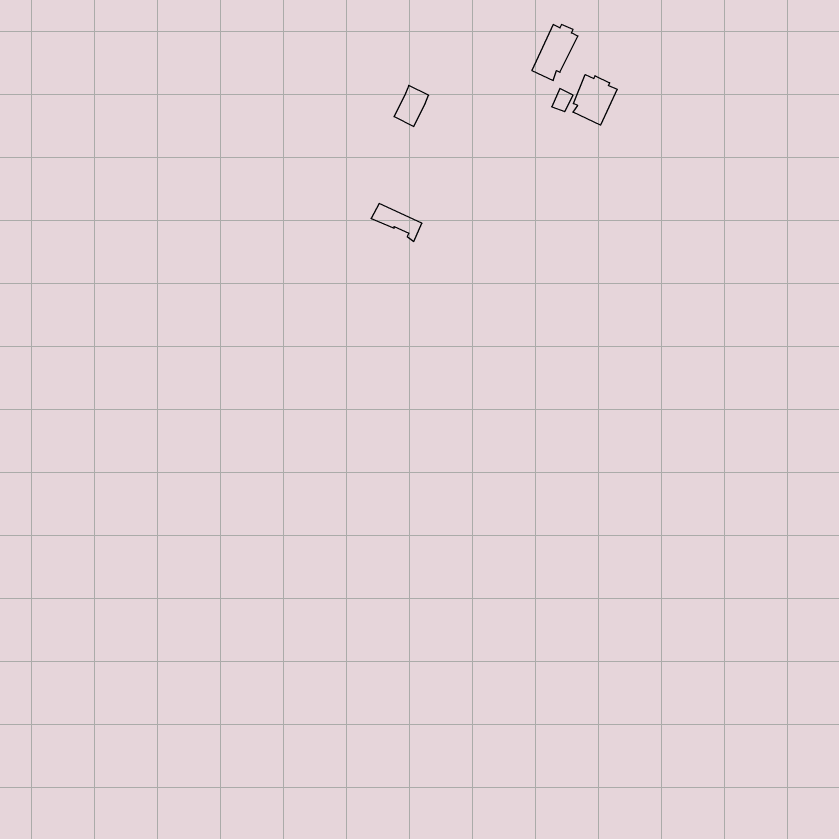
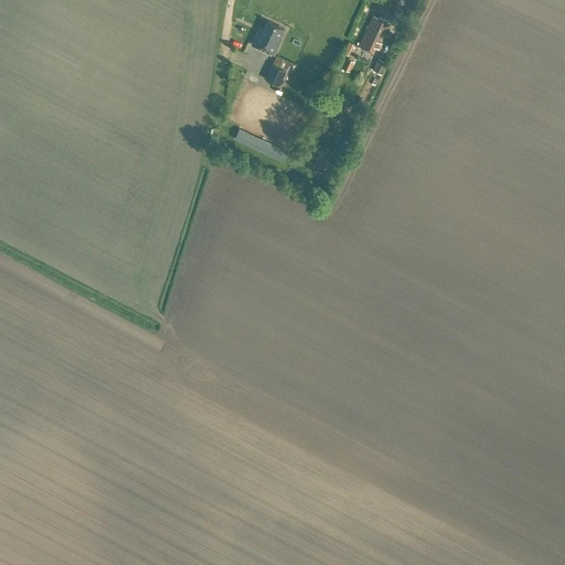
building: none -> [252,20,284,54]
building: [573,75,617,125] -> none

